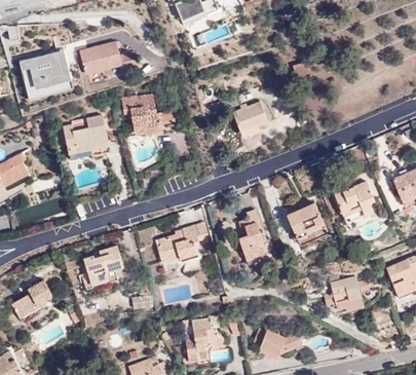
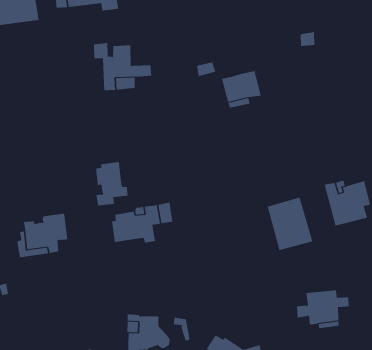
building: [63,114,108,160] -> none
building: none -> [96,161,128,206]
building: [238,210,266,260] -> none

